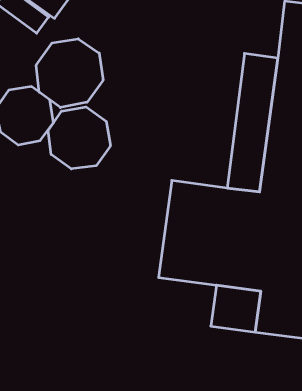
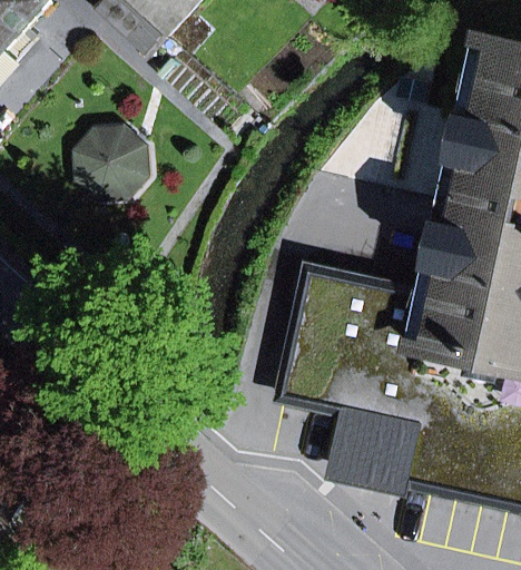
building: [36,39,103,108] -> none
building: [48,107,110,169] -> none

